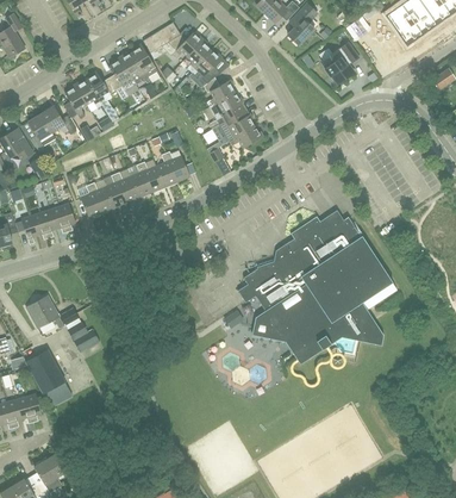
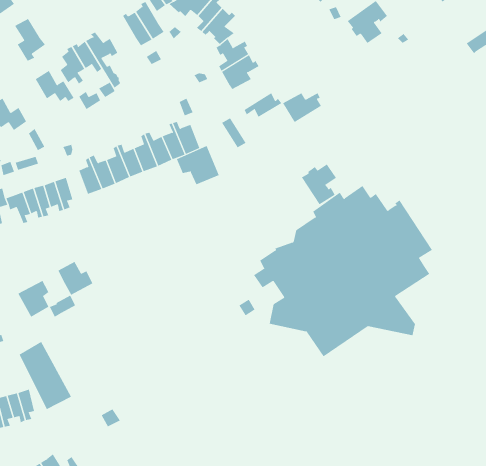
building: [108,56,137,95] -> none
building: [27,113,56,152] -> [14,18,46,62]
building: [218,113,254,141] -> [282,93,322,123]
building: none -> [176,145,220,185]
building: none -> [301,162,337,205]
building: [67,319,99,350] -> [58,261,93,296]

